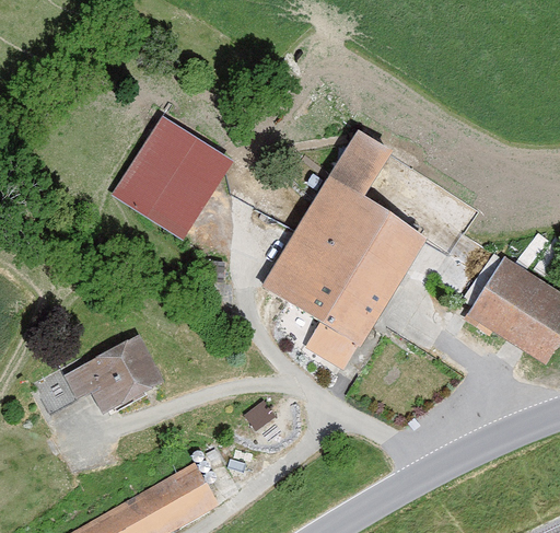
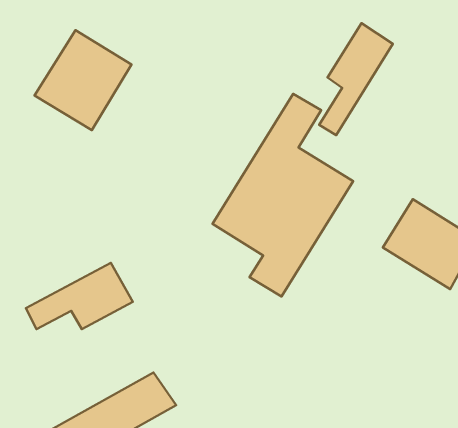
building: none -> [319,23,393,135]
building: [114,120,231,241] -> [35,30,132,130]

